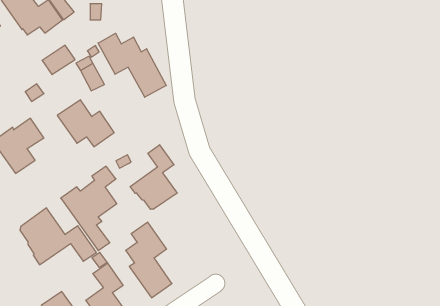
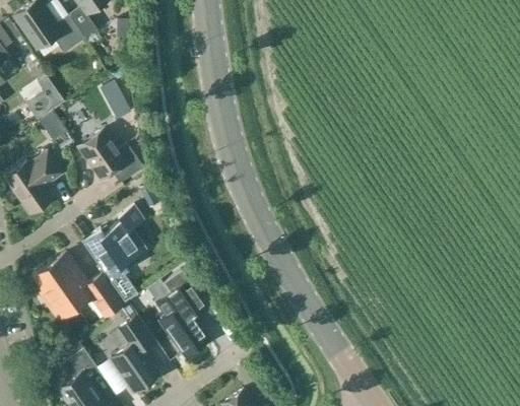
building: [98,33,166,97] -> none
building: [42,45,75,75] -> [26,87,64,121]
building: [130,145,177,209] -> none

